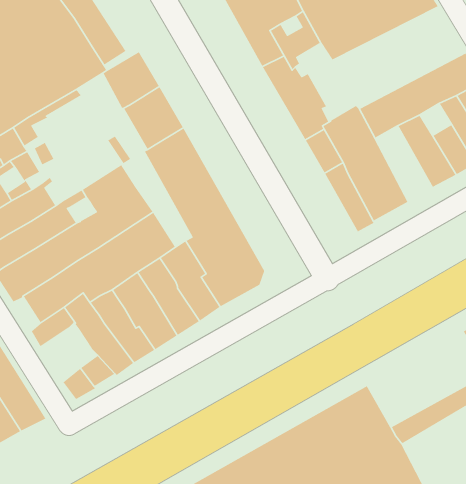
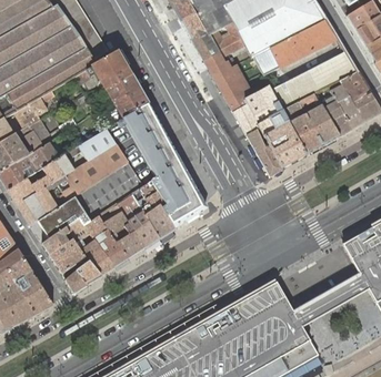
building: none -> [251,18,337,75]
building: none -> [281,101,321,154]
building: none -> [48,238,83,273]

